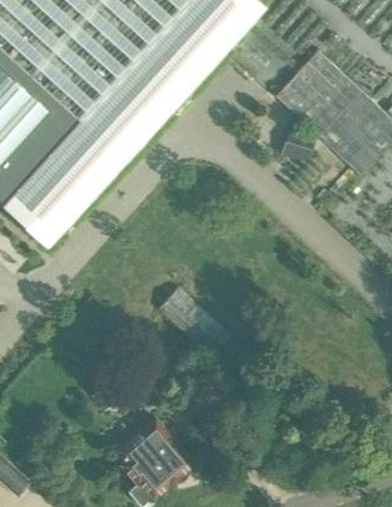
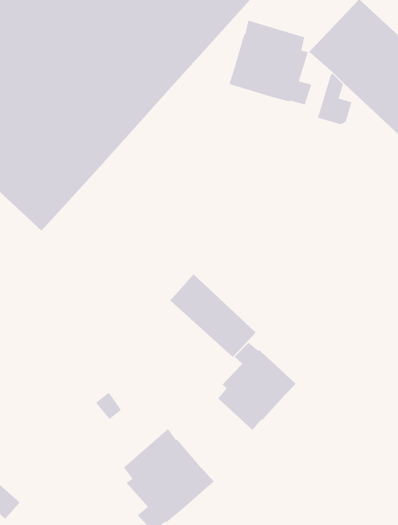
building: none -> [229,20,312,105]
building: none -> [218,342,296,431]

